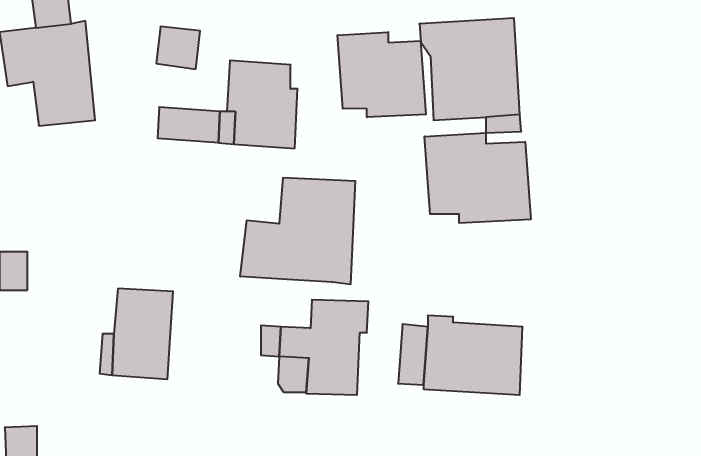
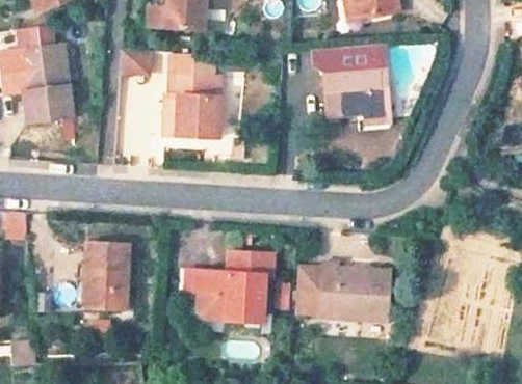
building: [338,32,426,117] -> none
building: [158,107,220,143] -> [172,52,217,78]
building: [424,133,531,223] -> none
building: [240,178,355,284] -> none

